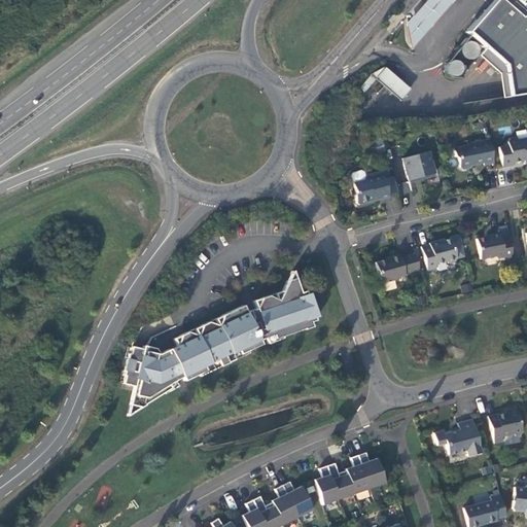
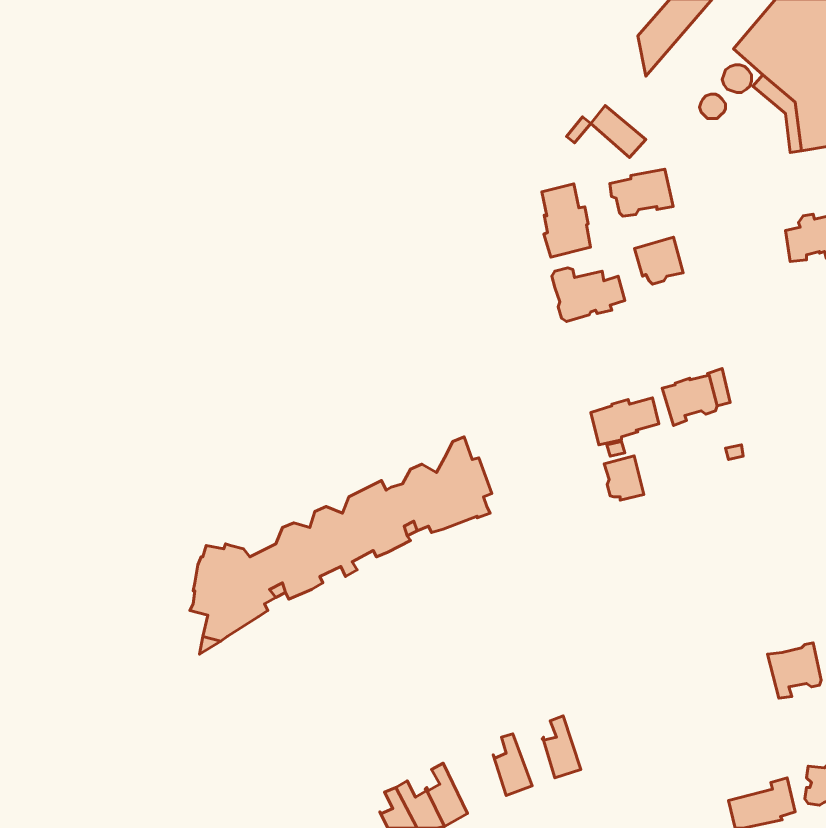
building: none -> [542,184,591,257]
building: [455,139,495,169] -> [610,169,673,216]
building: [478,224,514,258] -> none
building: none -> [604,456,644,500]
building: [434,418,483,455] -> none
building: [359,452,386,488] -> none
building: [327,462,354,498] -> none
building: [283,481,314,516] -> none

